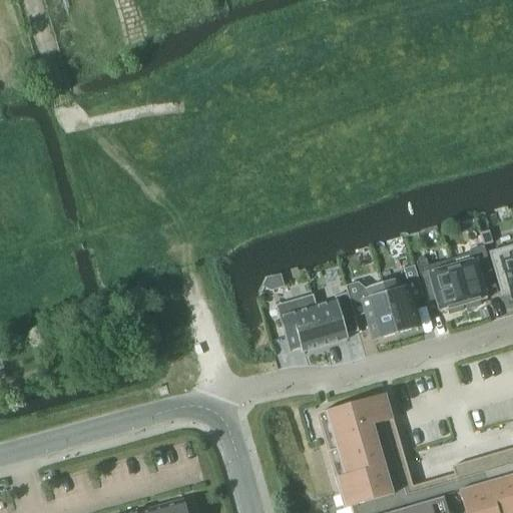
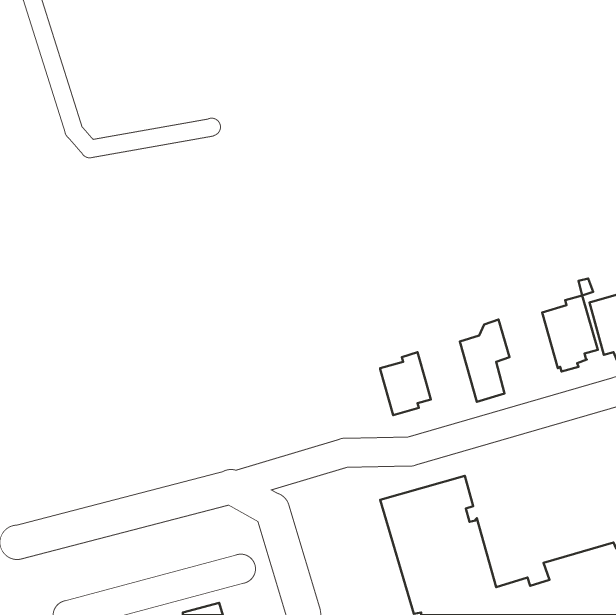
building: [417,258,464,313] -> none
building: [346,282,397,339] -> none
building: [277,294,328,351] -> none

